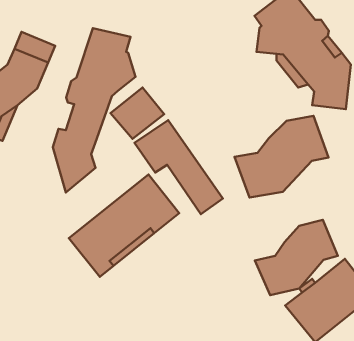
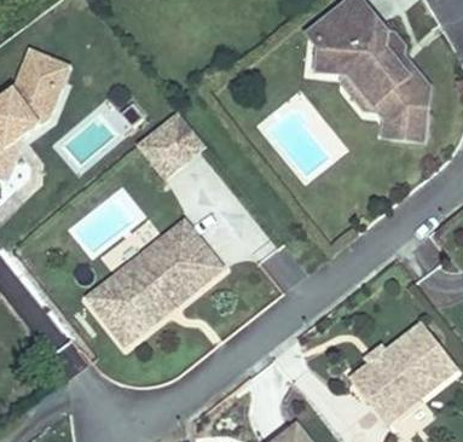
building: [53,28,136,193] -> none
building: [235,116,328,197] -> none
building: [255,220,338,295] -> none

